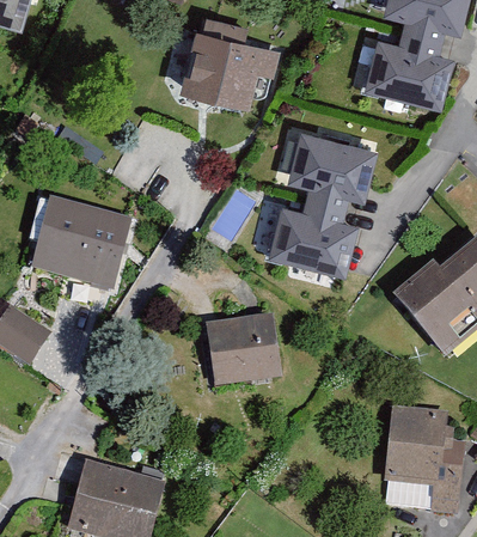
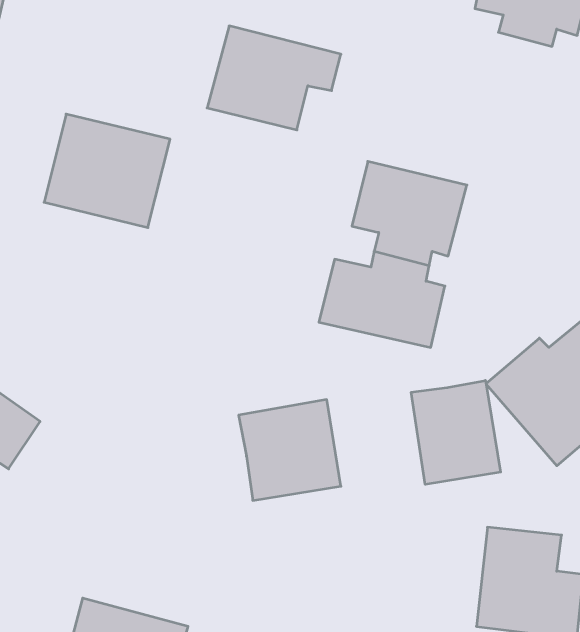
building: [363,30,455,106] -> none
building: [33,197,129,283] -> [44,114,170,228]
building: none -> [411,380,501,484]

